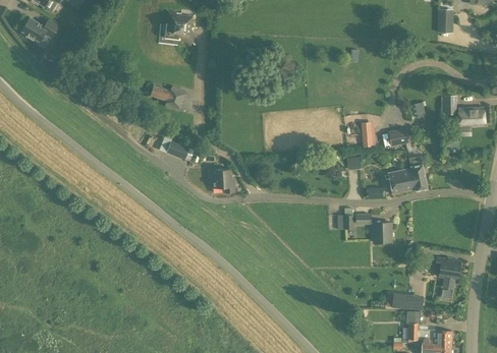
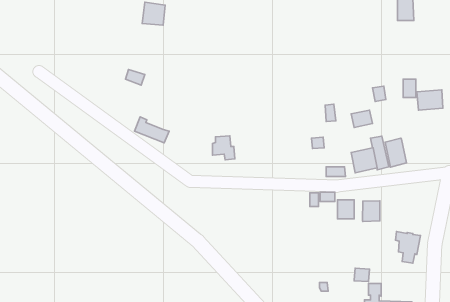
building: [21,17,58,42] -> none
building: none -> [385,138,406,167]
building: [211,168,234,193] -> [213,136,235,160]
building: none -> [363,201,380,221]

